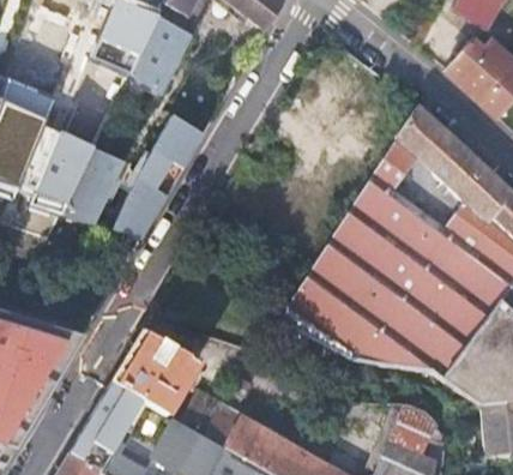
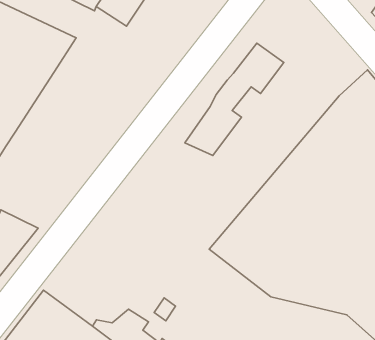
building: [109,119,203,243] -> [185,43,284,156]
building: [58,152,121,233] -> none
building: [109,332,197,415] -> none

